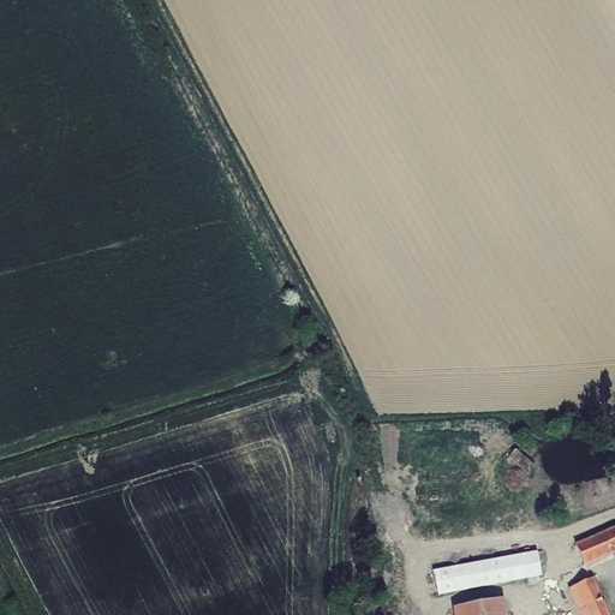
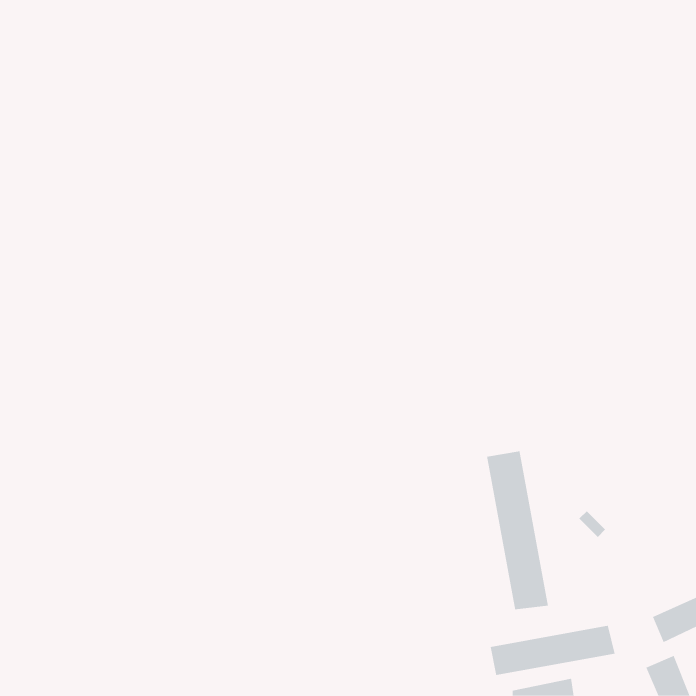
building: none -> [487,450,549,610]

